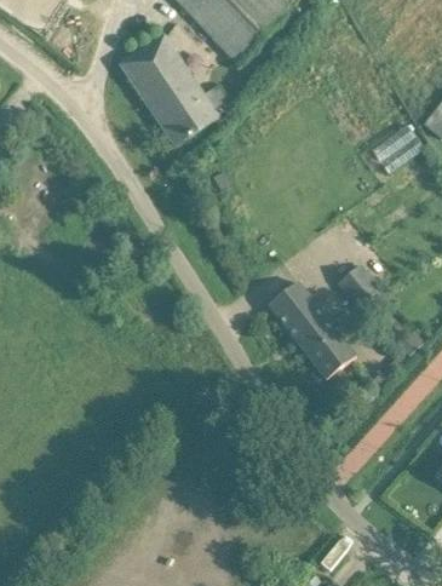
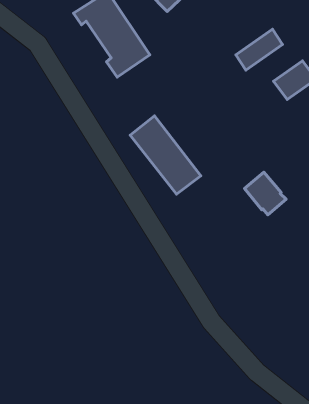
building: none -> [236,29,282,70]
building: [268,282,356,380] -> [130,116,201,194]

